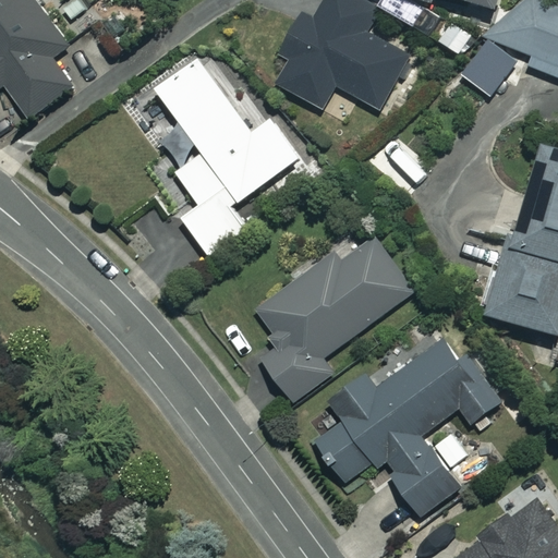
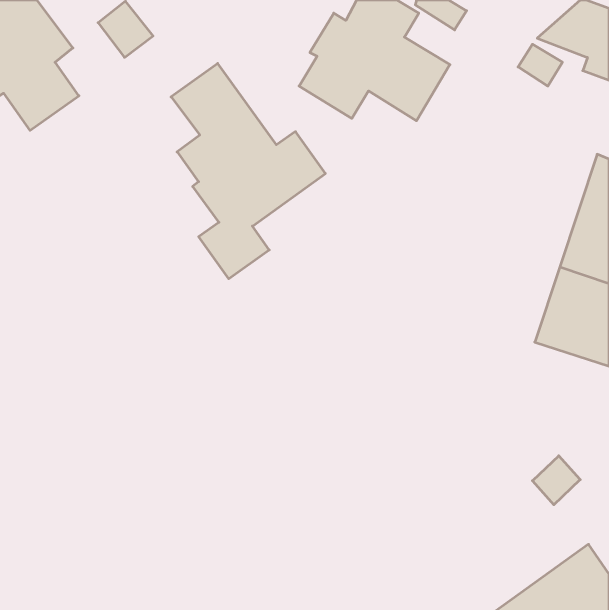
building: [254,238,413,400] -> none
building: [315,335,505,515] -> none

